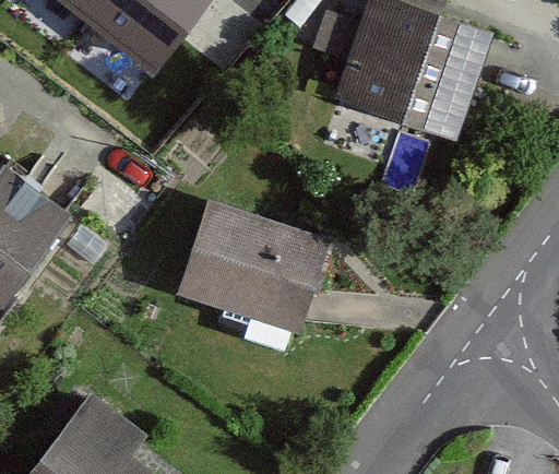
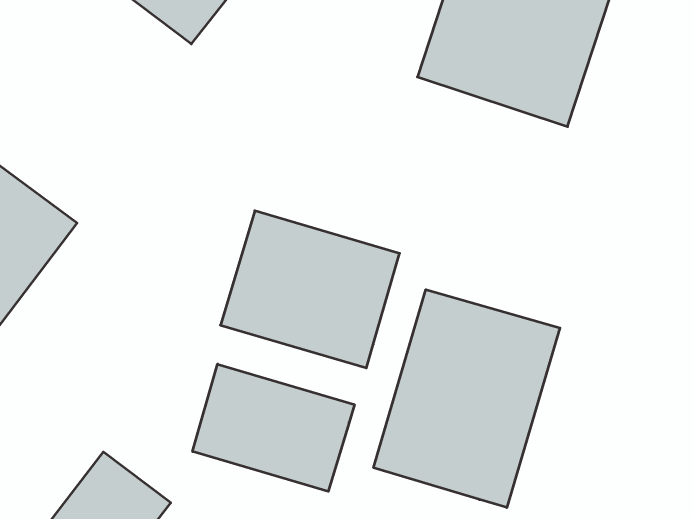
building: none -> [374,290,560,508]
building: none -> [193,364,354,491]

